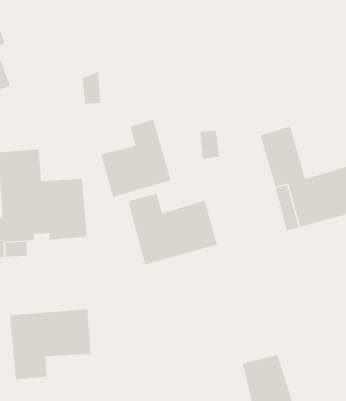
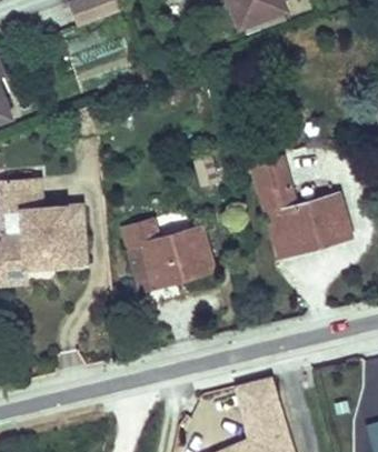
building: [101,119,172,197] -> none
building: [10,309,91,380] -> none

